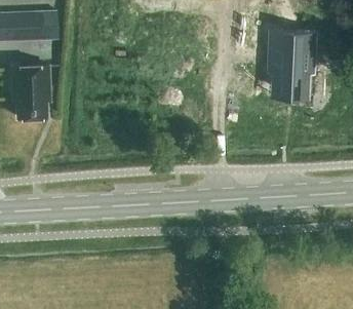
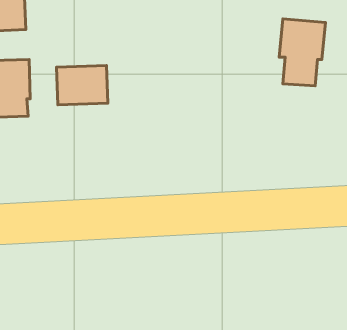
building: none -> [57,66,108,105]

